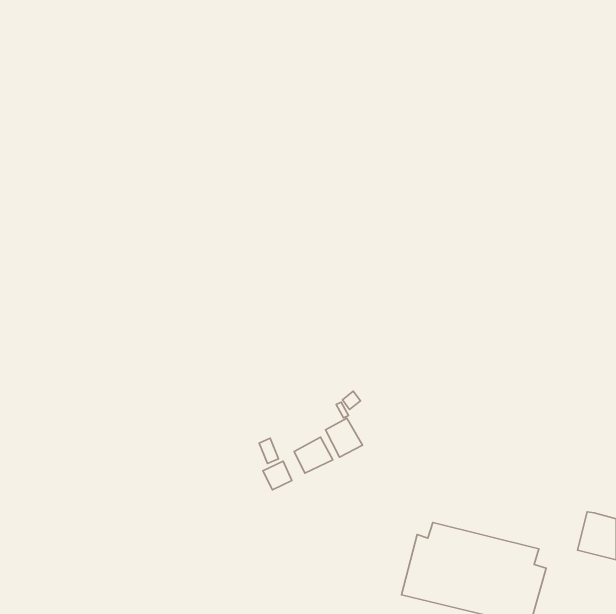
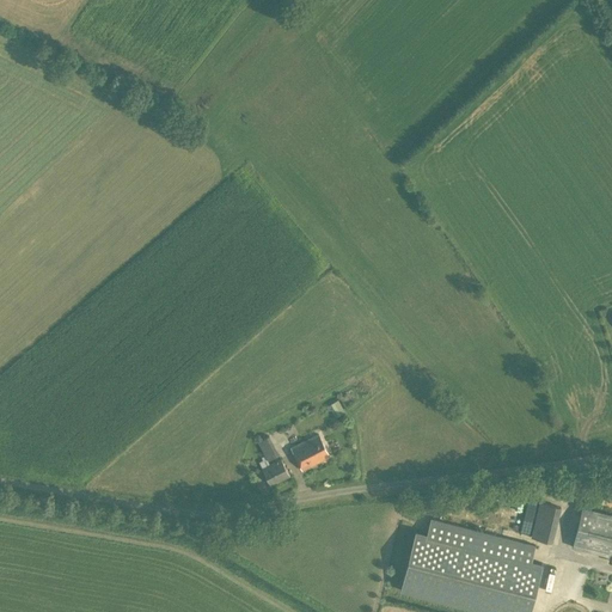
building: [326,418,362,457] -> none
building: none -> [531,503,561,544]

